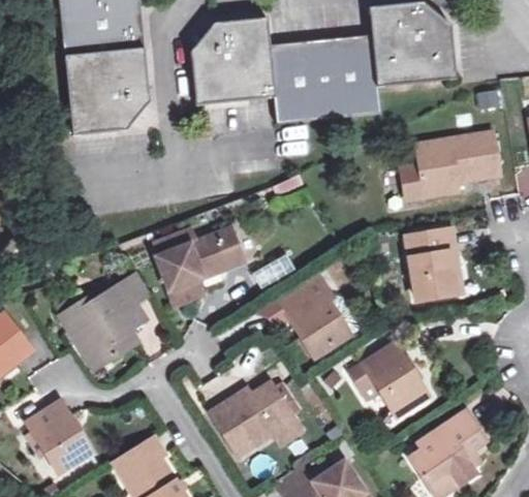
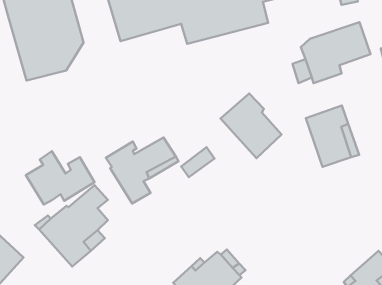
building: none -> [26,151,94,205]
building: [280,277,351,358] -> [220,93,281,158]
building: [352,346,431,417] -> none

